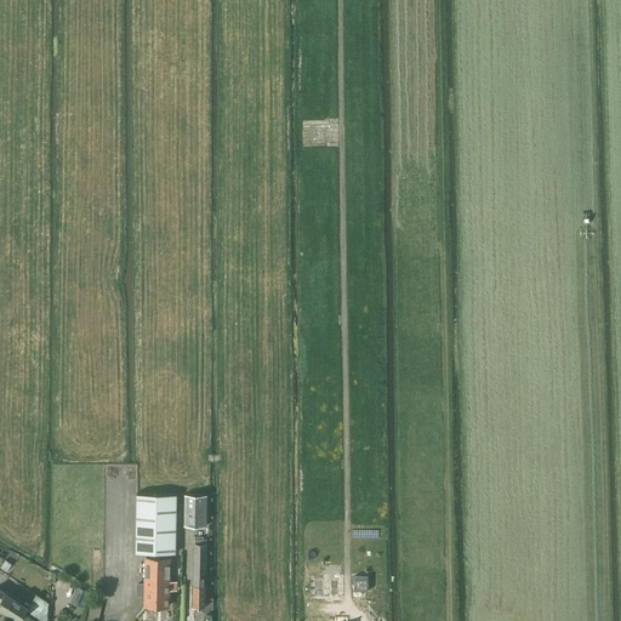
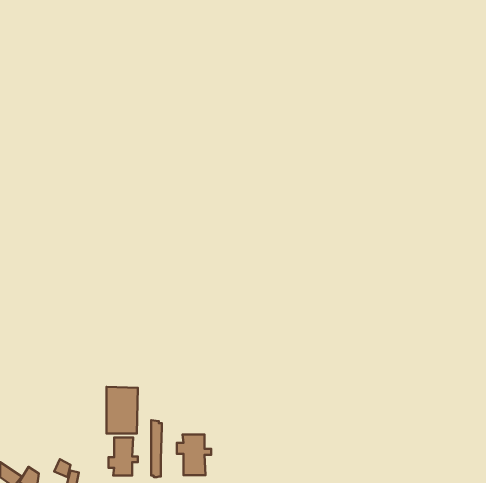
building: [183,497,206,529] -> none
building: none -> [177,435,211,475]

